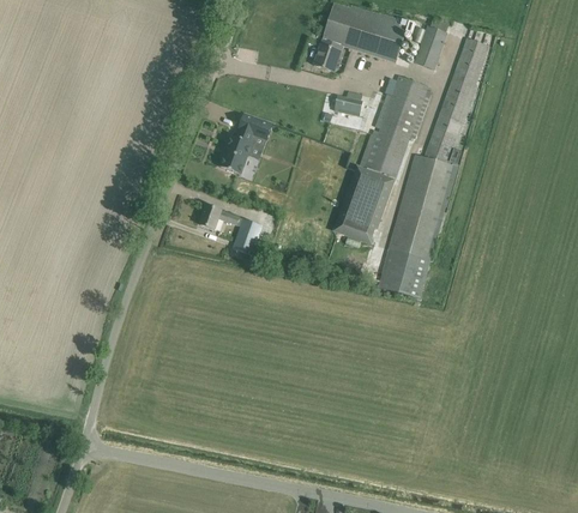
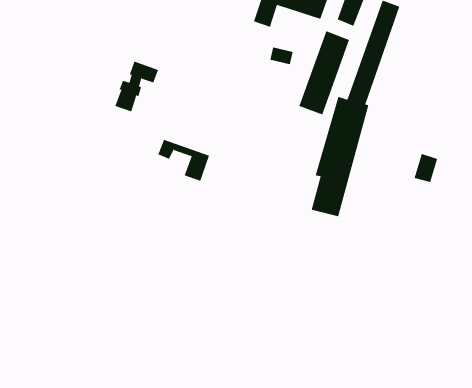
building: [219,113,272,174] -> [115,61,159,112]
building: [333,165,393,243] -> none
building: none -> [414,153,438,183]

